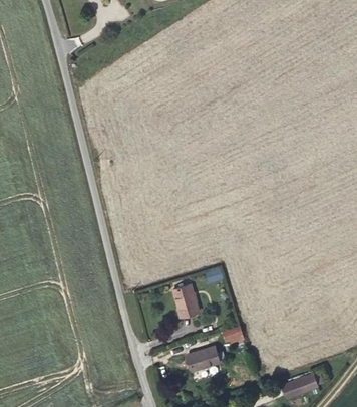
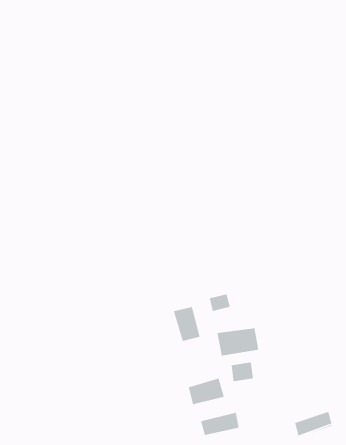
building: none -> [216,327,259,357]
building: none -> [200,412,240,436]

